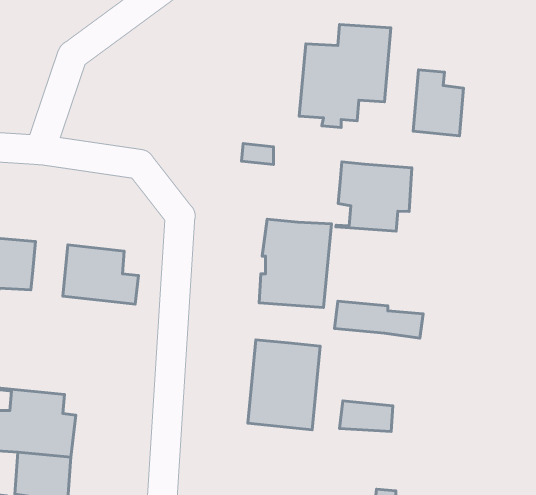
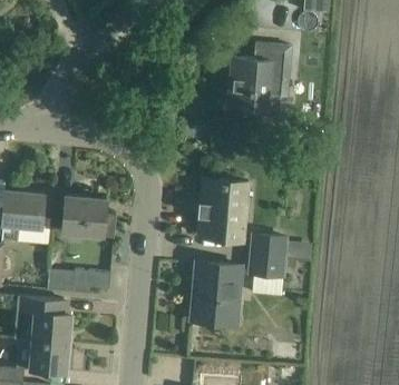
building: [413,70,464,136] -> none
building: [336,162,412,231] -> none
building: none -> [47,269,110,293]
building: [340,401,393,432] -> [249,254,285,275]

